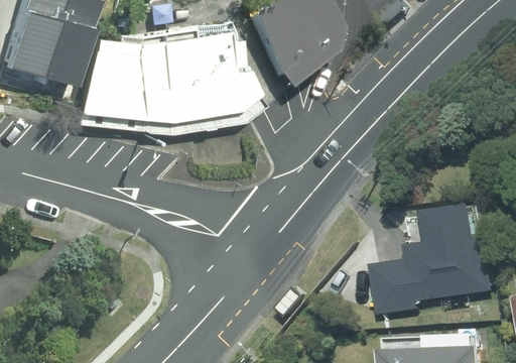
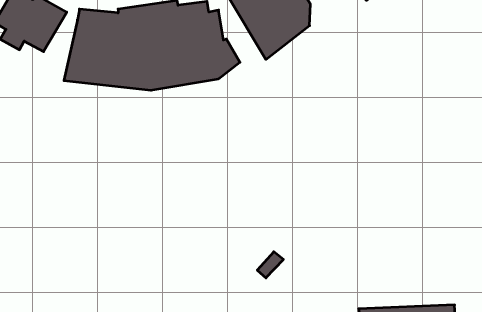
building: [374,205,497,317] -> none

